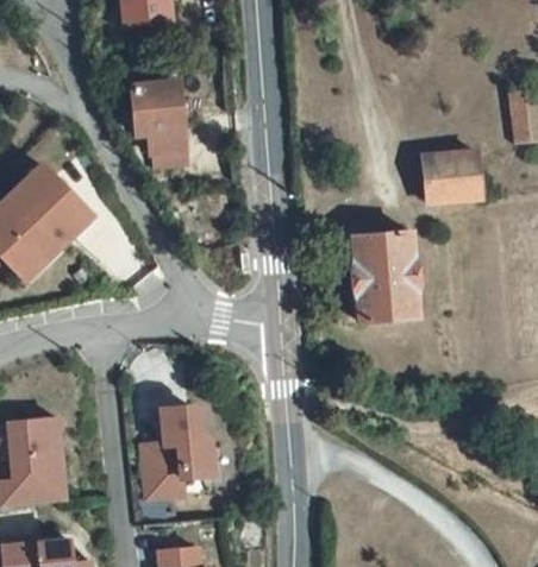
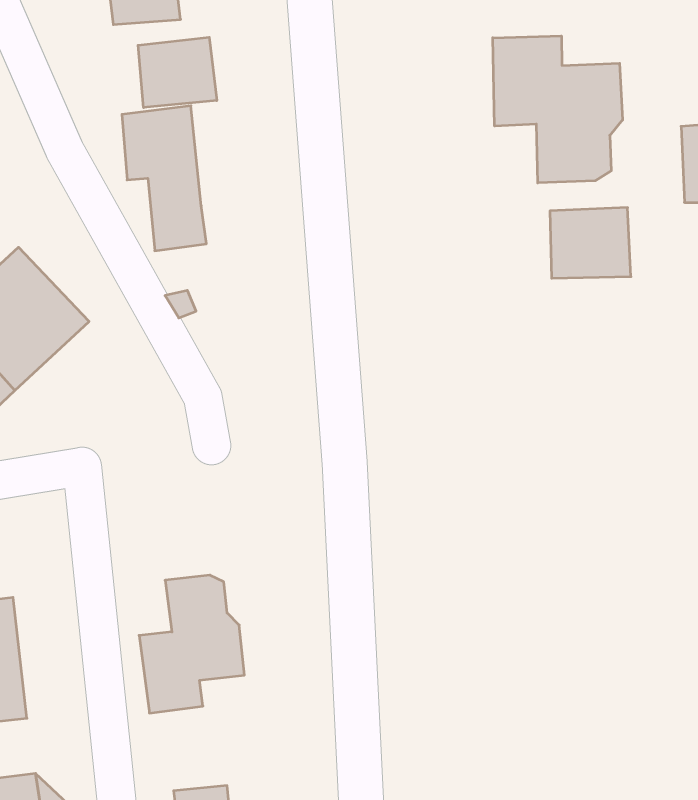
building: none -> [493,36,623,183]
building: none -> [138,37,217,108]
building: [355,229,414,316] -> none

